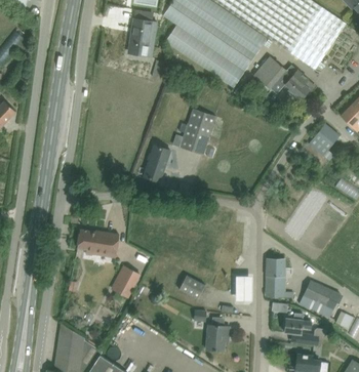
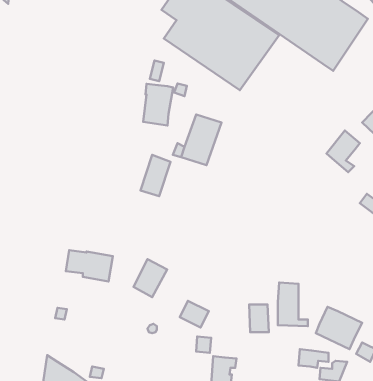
building: [130,18,157,55] -> [143,84,173,125]
building: [254,56,309,99] -> none
building: [111,264,141,298] -> [134,259,167,297]

